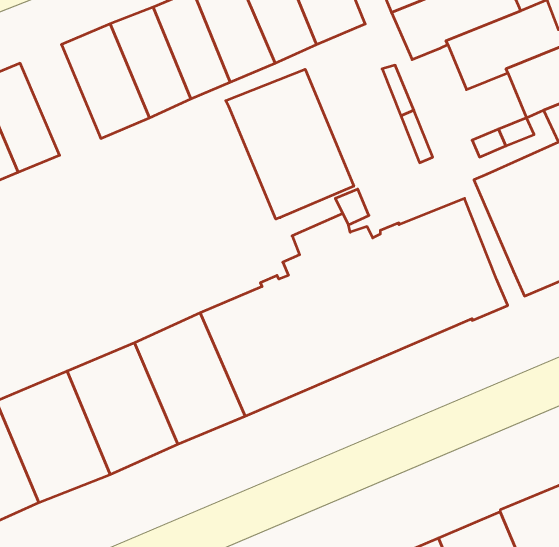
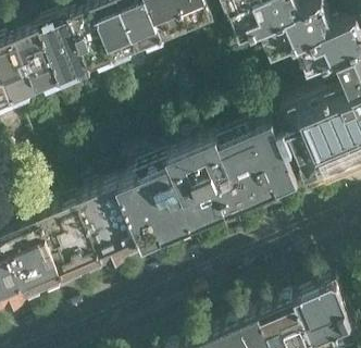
building: none -> [14,29,61,94]
building: [226,69,354,219] -> none

